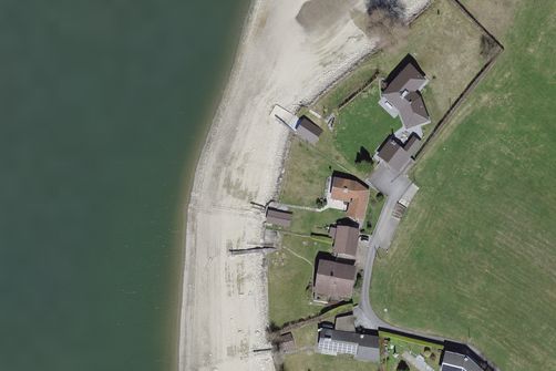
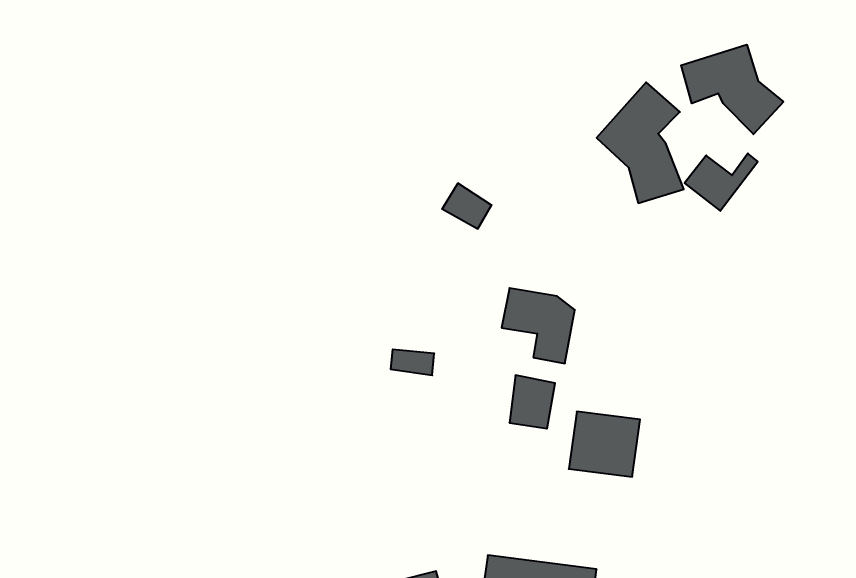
building: none -> [681,45,783,134]
building: [379,138,420,171] -> [685,153,758,211]
building: [313,260,353,297] -> [569,412,640,477]

